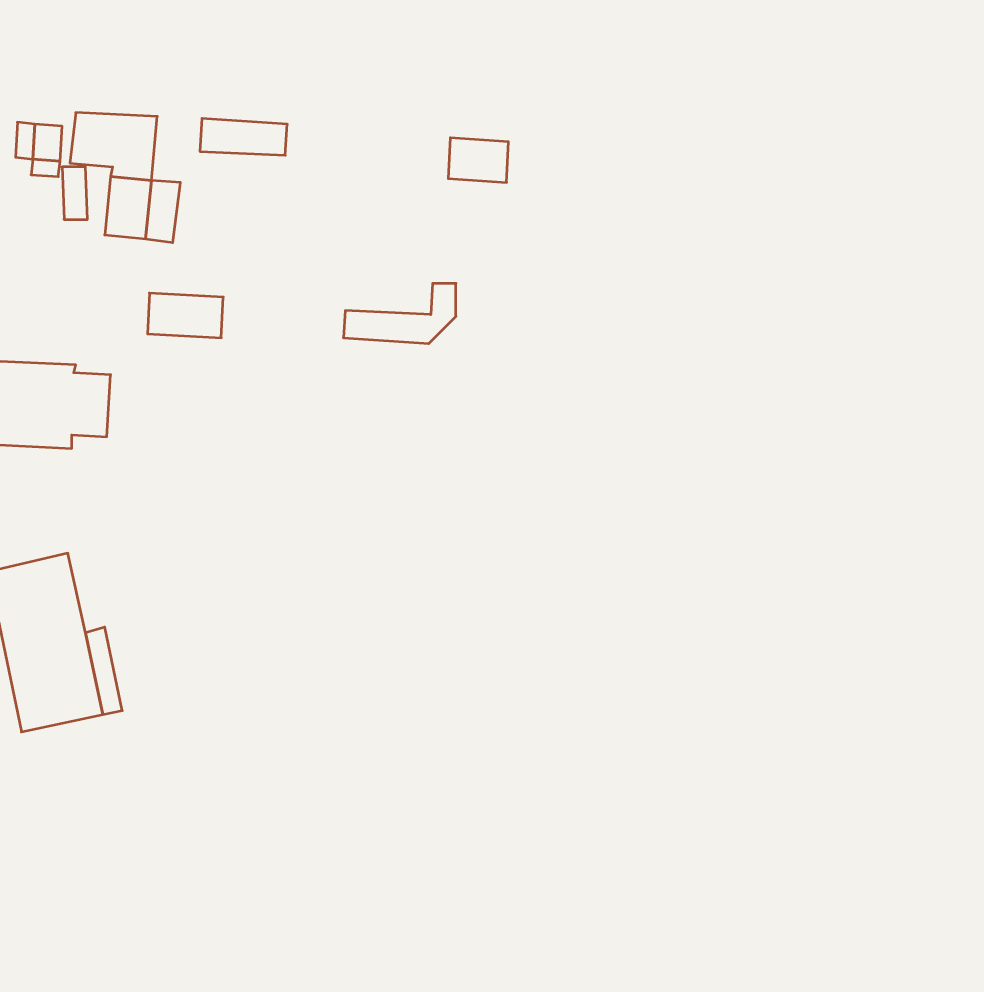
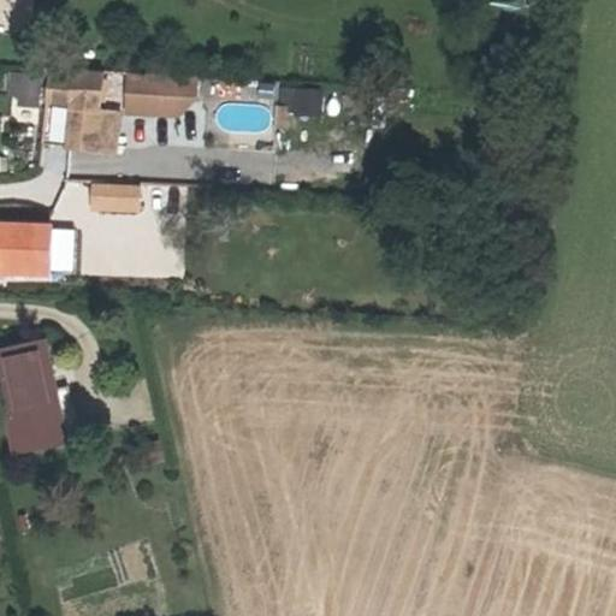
building: [343,283,456,344] -> [123,77,192,114]

